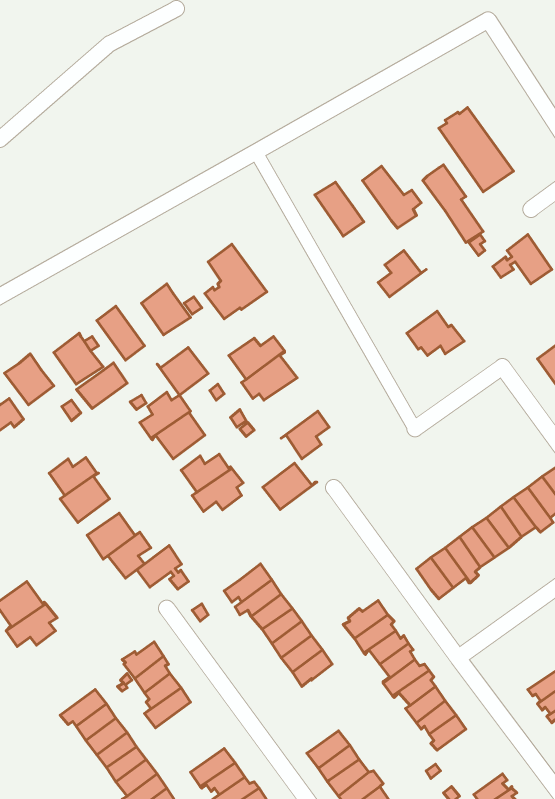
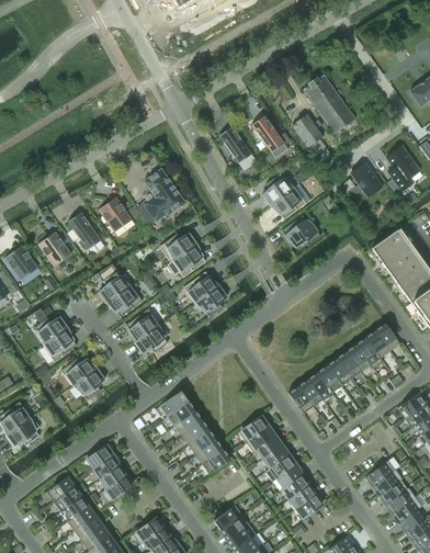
building: none -> [270,184,310,219]
building: [157,348,208,395] -> none
building: [77,363,127,409] -> none
building: [263,463,317,509] -> [183,271,220,303]
building: [137,545,188,589] -> none

